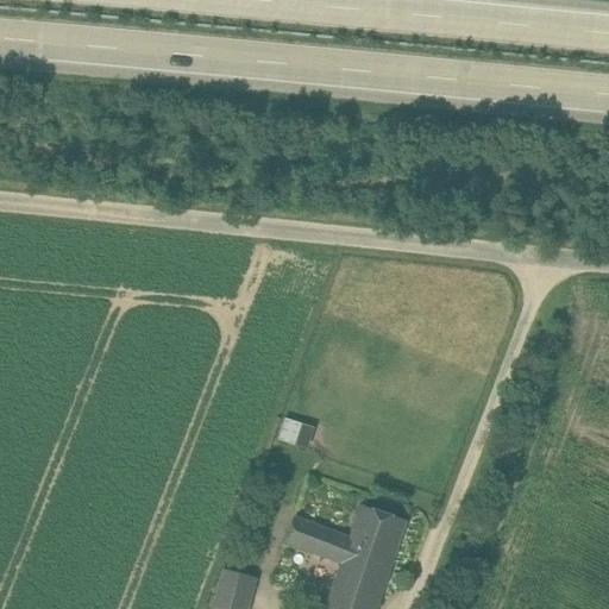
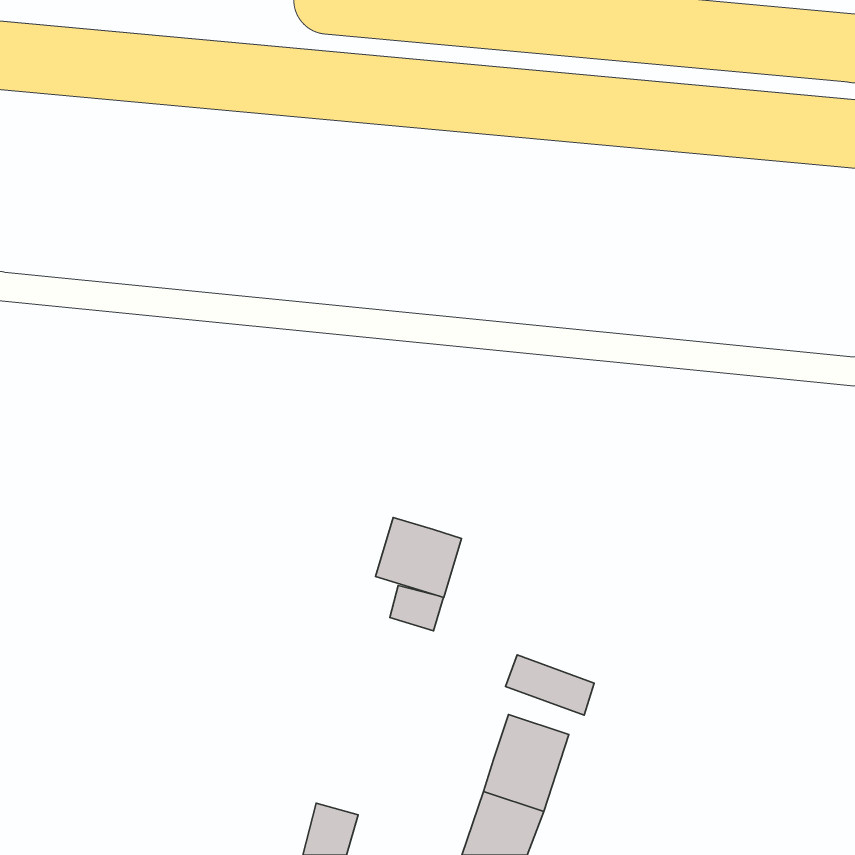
building: none -> [375,517,462,597]
building: [288,520,351,563] -> [505,655,594,715]

